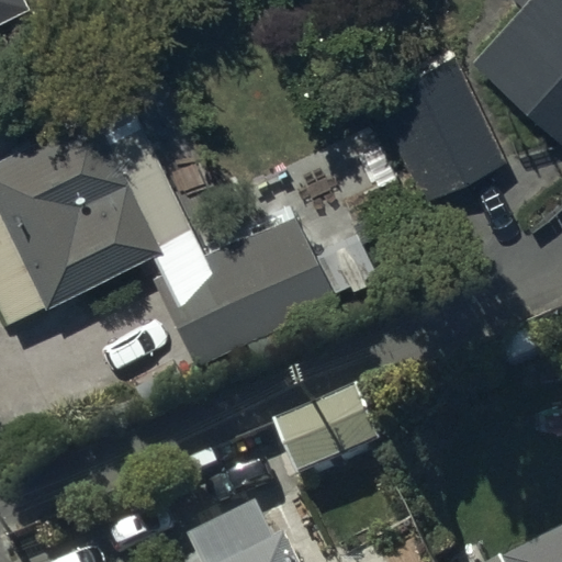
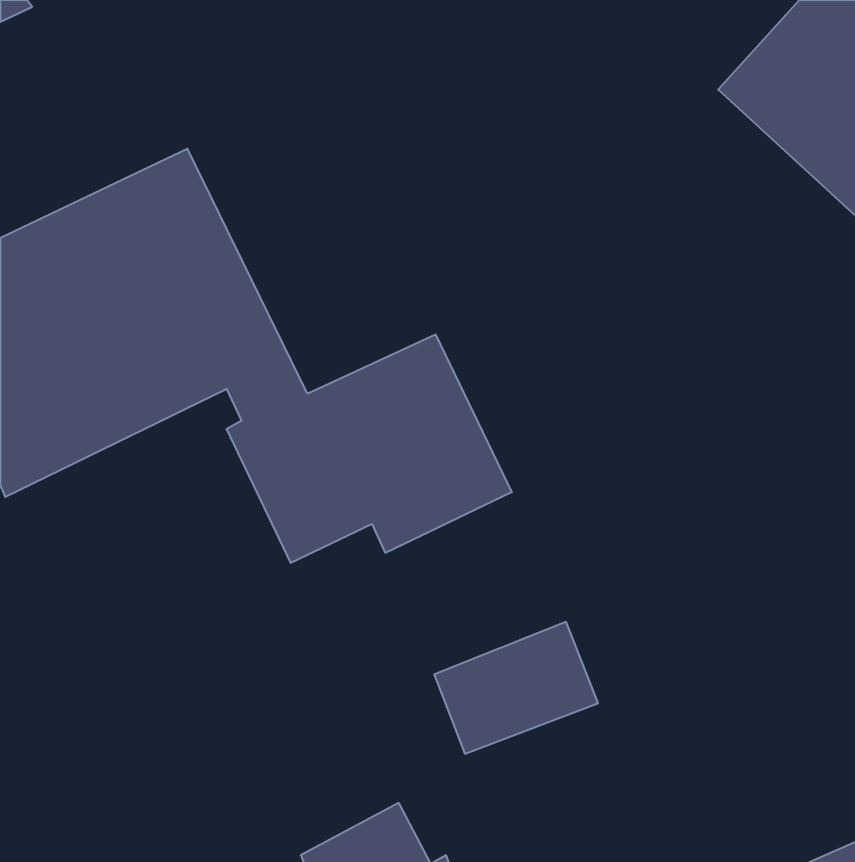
building: [362,53,505,204] -> none

